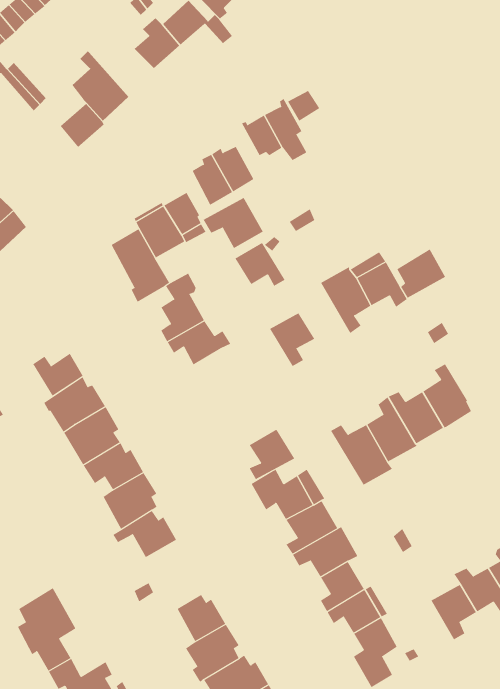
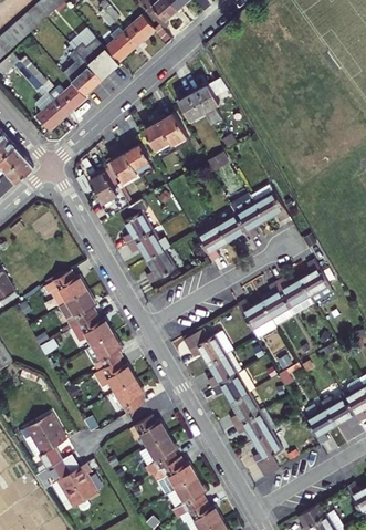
building: none -> [75,38,119,80]
building: none -> [36,100,67,131]
building: [203,197,264,249] -> none
building: [234,242,286,287] -> [216,214,250,243]
building: [396,249,446,299] -> none
building: [32,353,84,397] -> none
building: [249,429,295,480] -> [145,249,176,283]
building: none -> [113,377,143,412]

